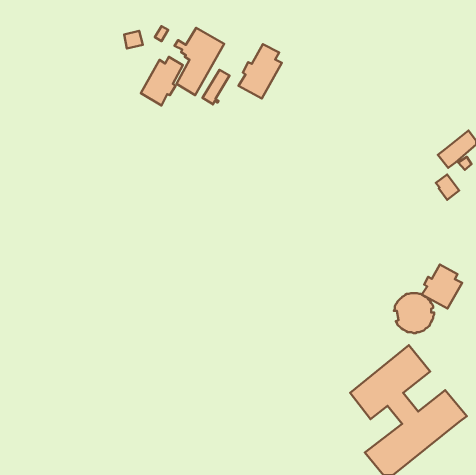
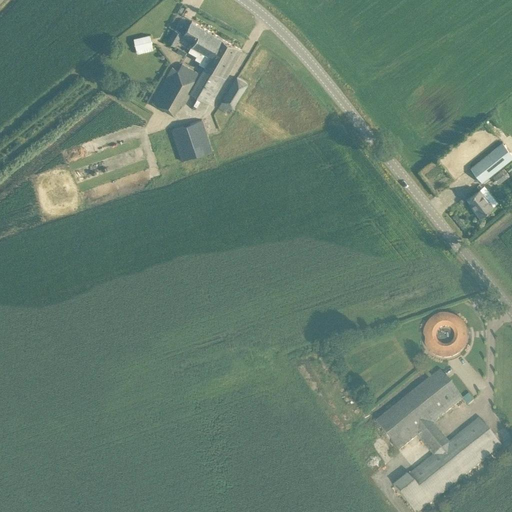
building: none -> [182,19,210,48]
building: [238,44,282,98] -> none
building: none -> [170,117,211,159]
building: [422,265,462,309] -> none

